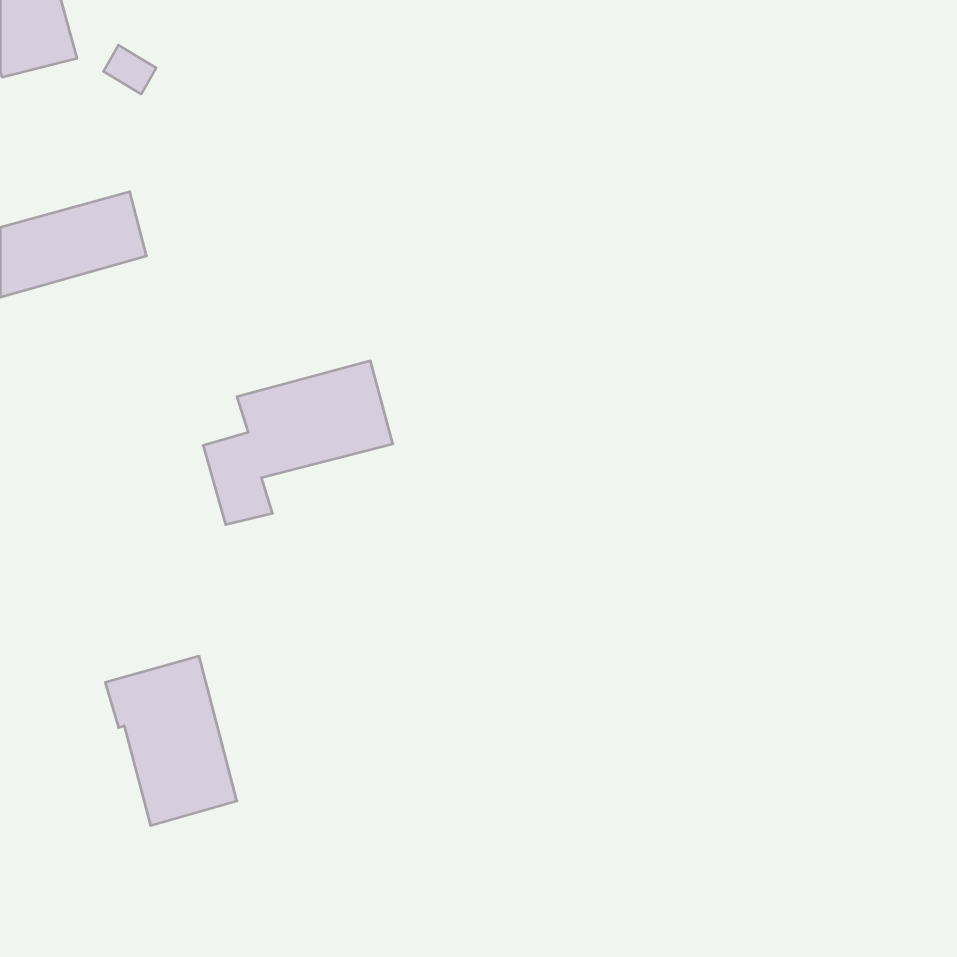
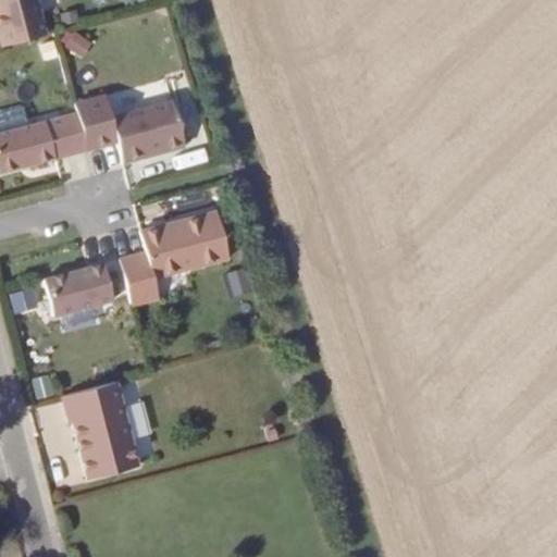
building: none -> [75,94,186,161]
building: none -> [44,262,114,314]

